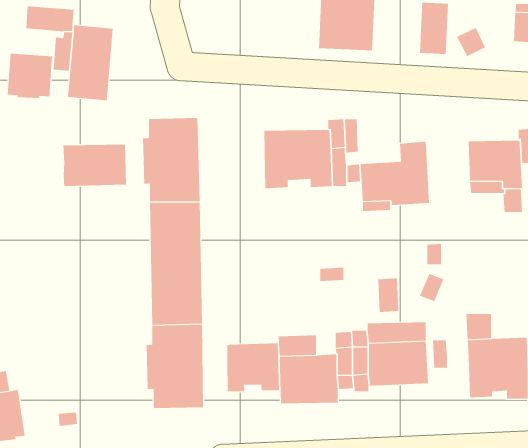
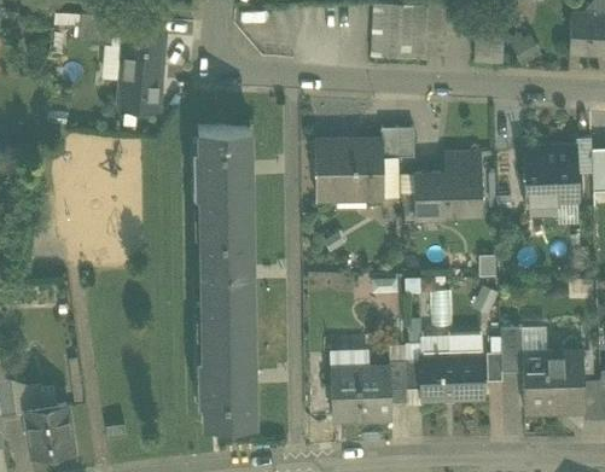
building: [7,53,53,99] -> none
building: [63,144,127,187] -> none
building: none -> [501,326,523,371]
building: [227,343,280,392] -> none

